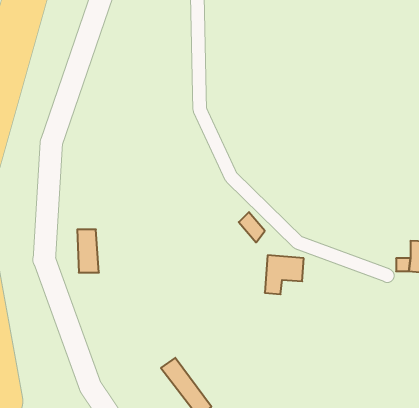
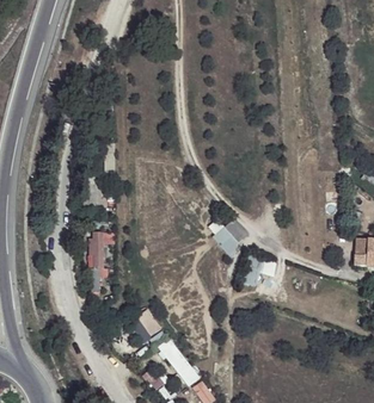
building: none -> [130,308,161,339]

